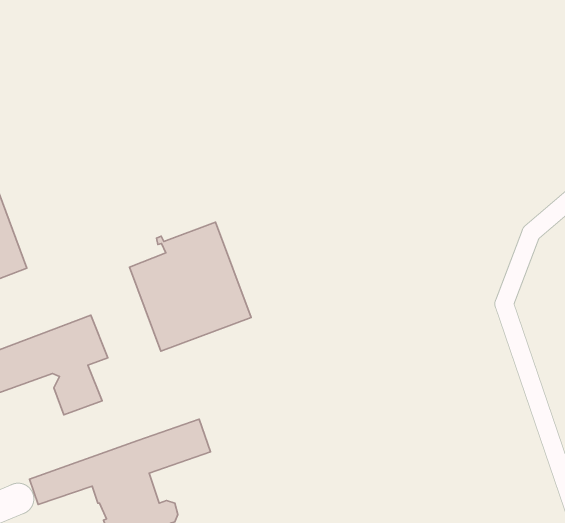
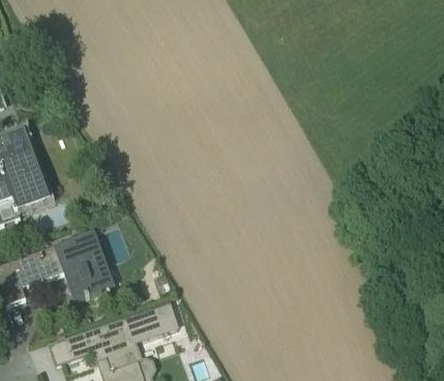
building: [129,222,251,351] -> none

